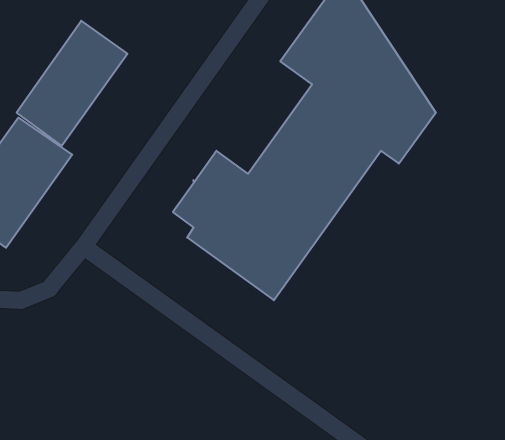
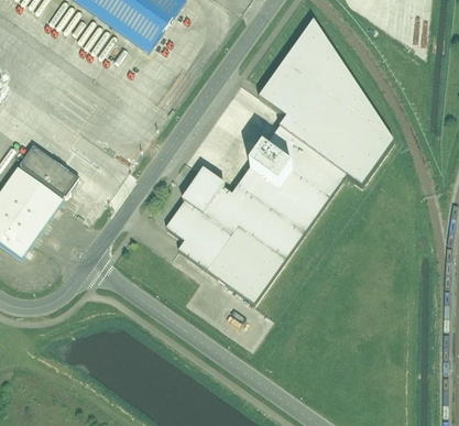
building: [17,21,127,146] -> none

